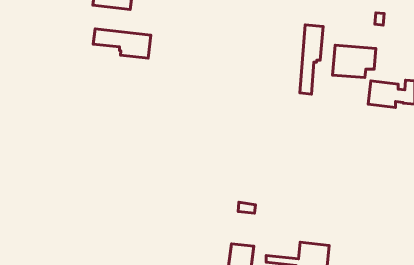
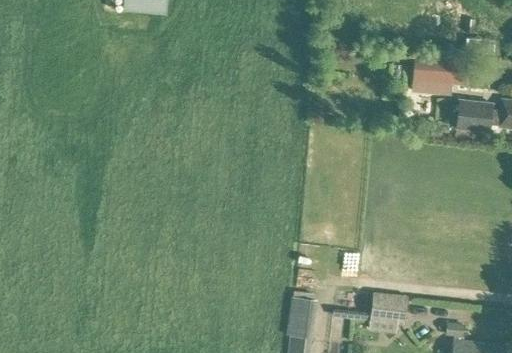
building: [300,25,323,94] -> none
building: [93,29,151,58] -> none

